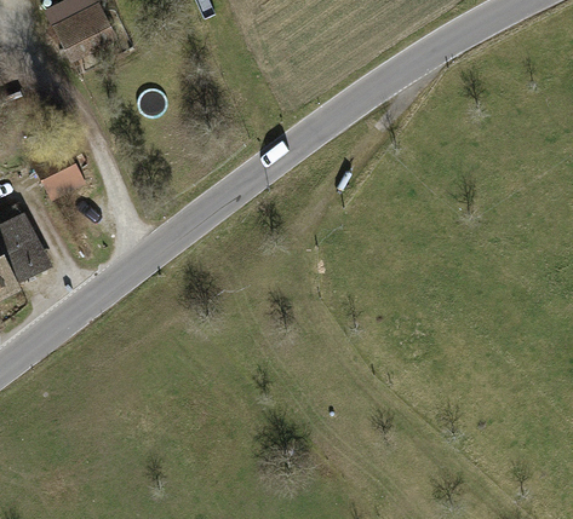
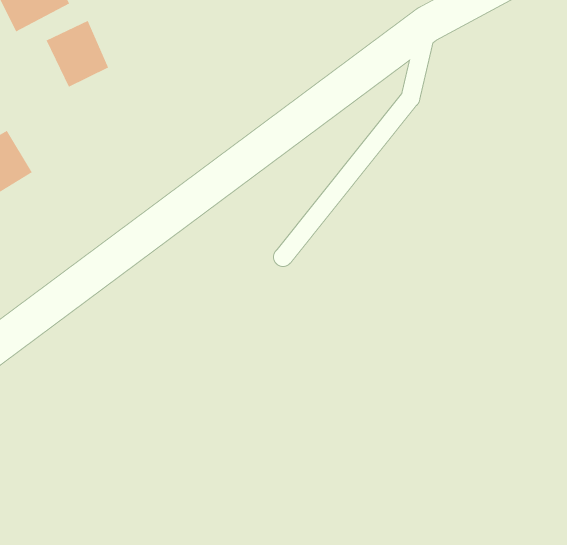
building: none -> [45,20,109,88]

